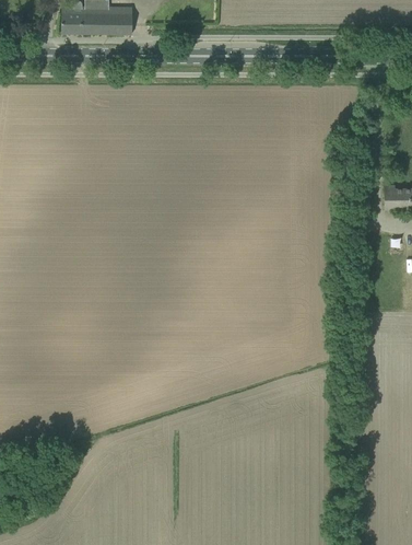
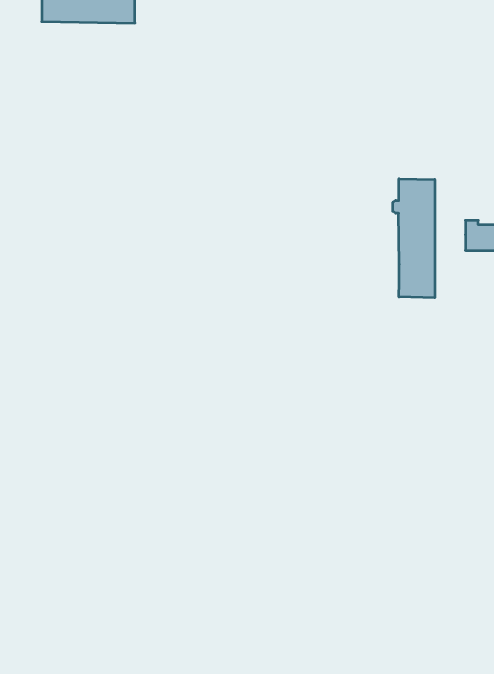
building: none -> [393,179,435,298]

